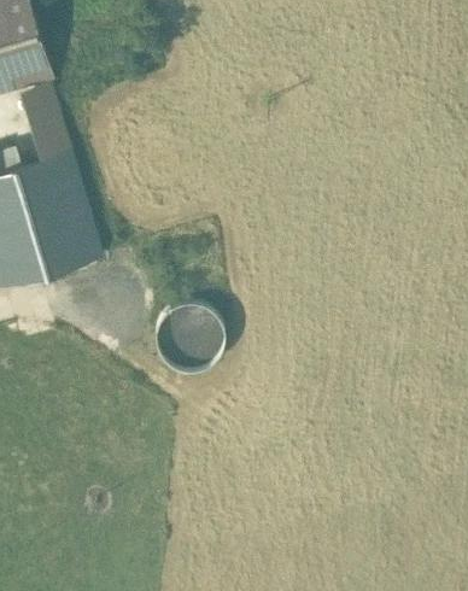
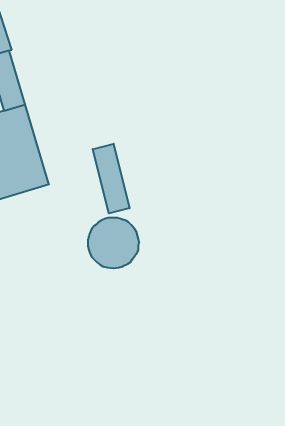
building: none -> [93,144,130,213]

